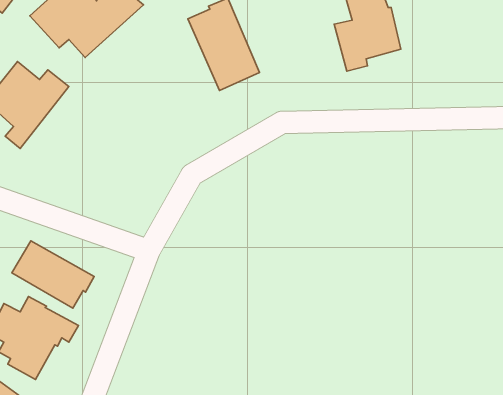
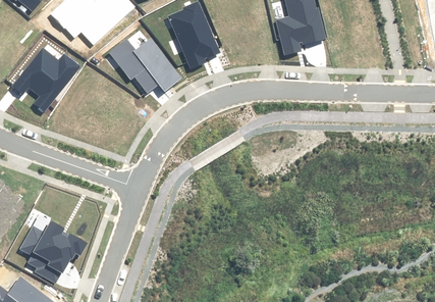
building: none -> [109,39,180,92]
building: [12,241,94,308] -> none

